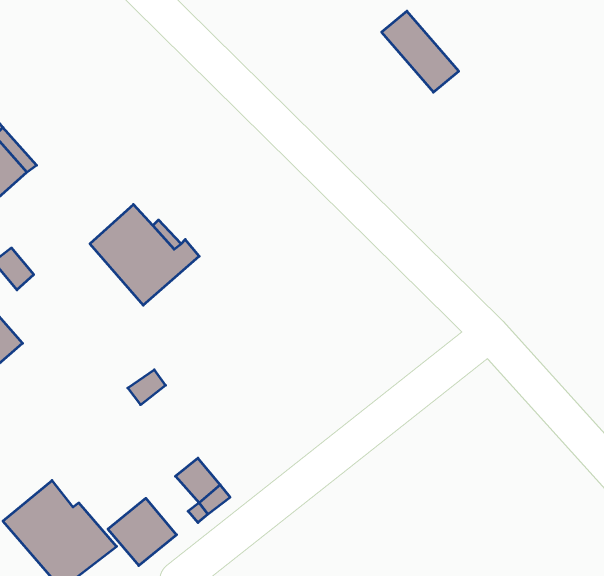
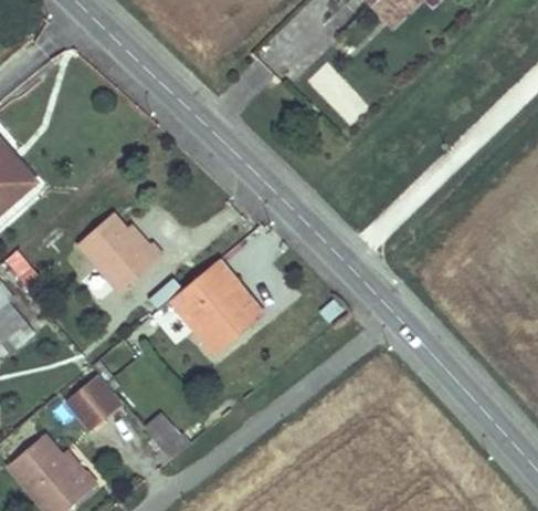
building: none -> [171,260,263,352]
building: [108,498,177,566] -> [67,377,122,430]

